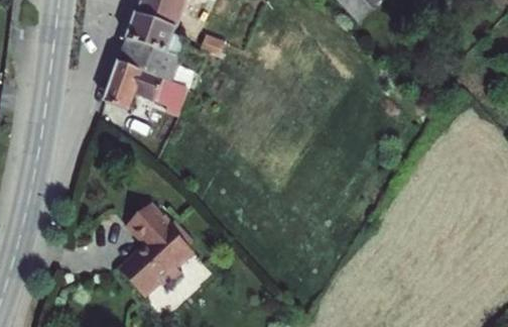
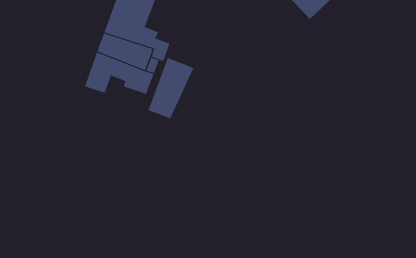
building: none -> [148,57,194,119]
building: [122,197,194,289] -> none

